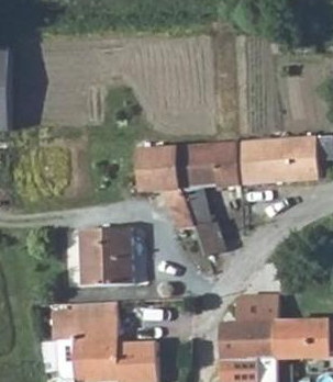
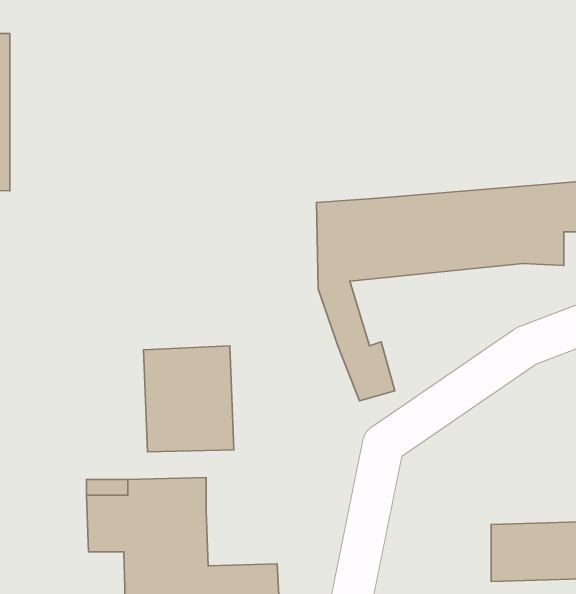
building: [136,144,192,228] -> none
building: [219,303,278,357] -> none

